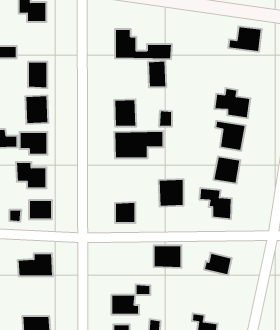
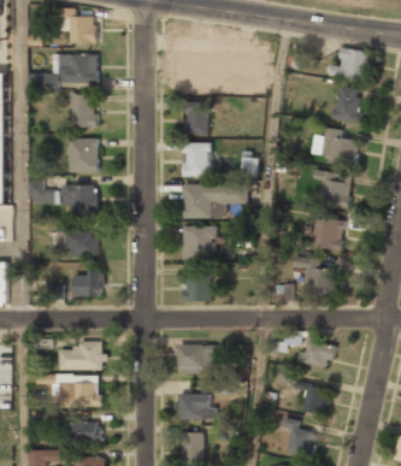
building: none -> [53,54,98,83]
building: none -> [335,87,359,122]
building: [148,61,166,87] -> [184,101,208,135]
building: [159,179,184,206] -> [182,225,214,260]
building: [154,245,182,268] -> [178,344,214,373]
building: none -> [58,374,99,407]
building: none -> [295,383,328,413]

